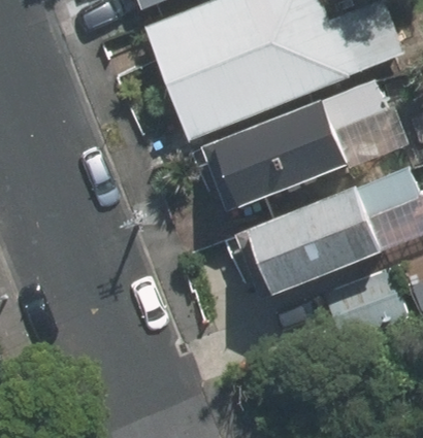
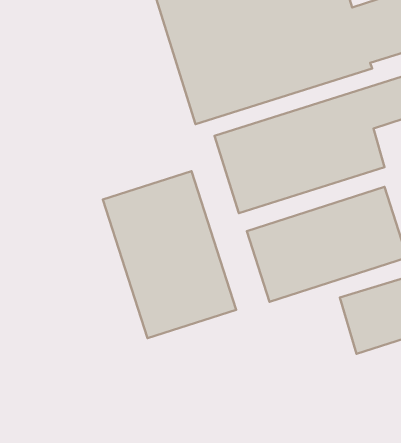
building: none -> [103,171,236,338]

